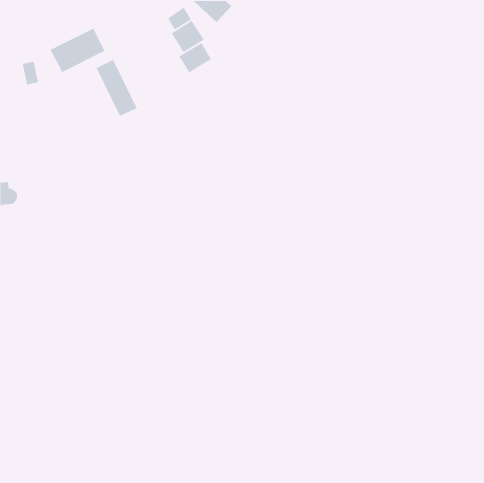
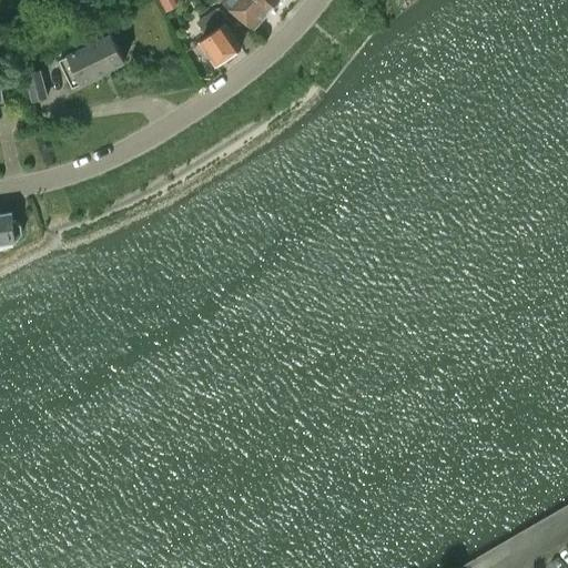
building: [178,42,212,73] -> none
building: [96,59,138,117] -> none

